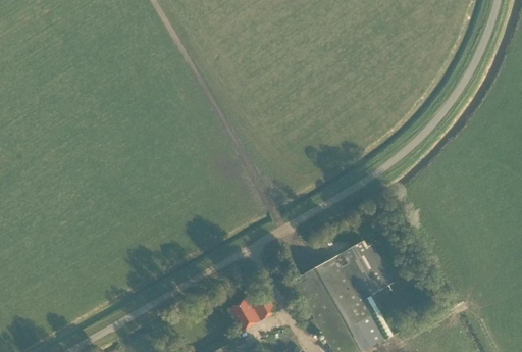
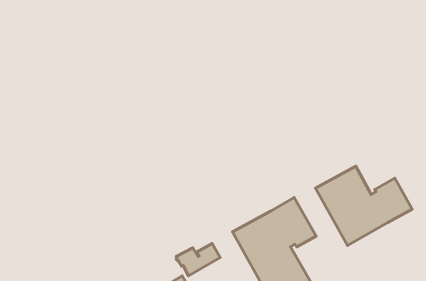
building: none -> [315,166,412,245]

